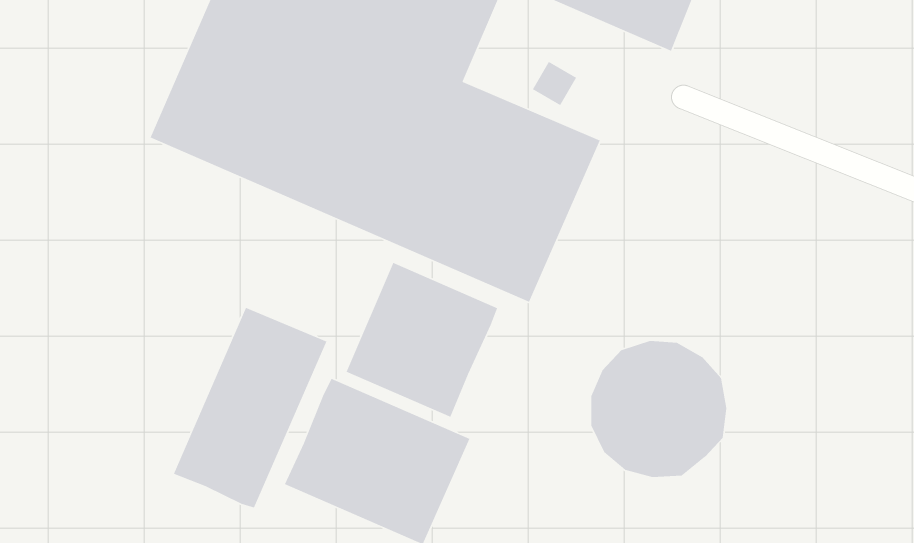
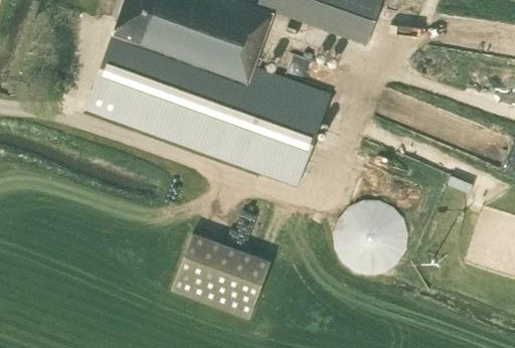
building: [346,262,498,418] -> none
building: [173,307,327,509] -> none

